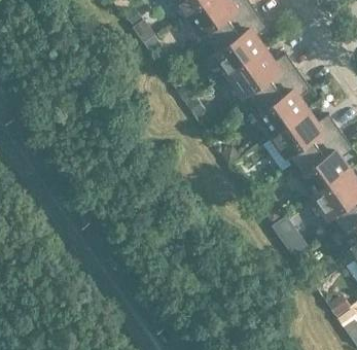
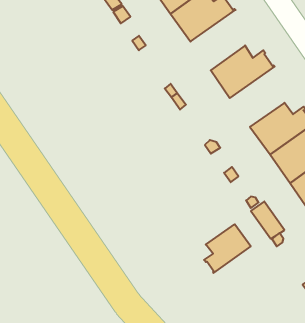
building: [208,12,269,77] -> none
building: [250,73,311,138] -> none
building: none -> [204,224,251,273]

